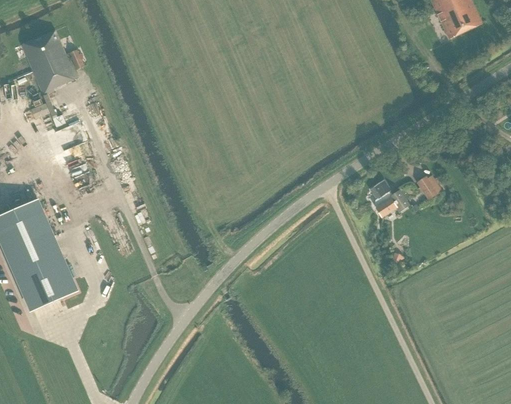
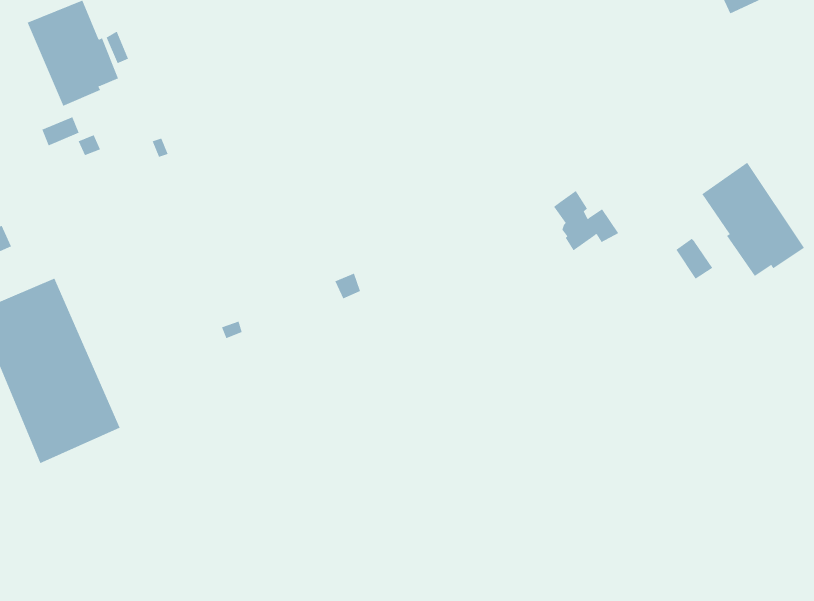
building: none -> [702,162,805,277]
building: [368,179,408,216] -> [553,190,619,251]

